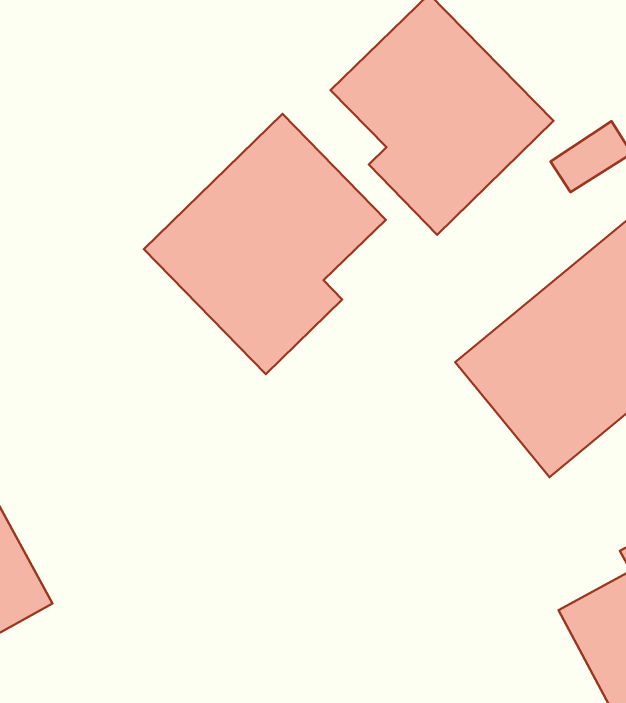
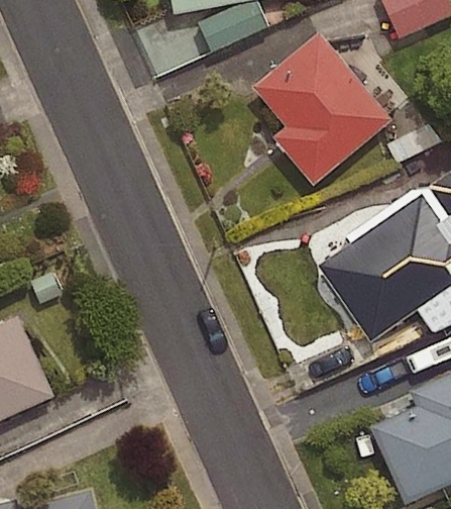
building: [144,114,386,374] -> none

